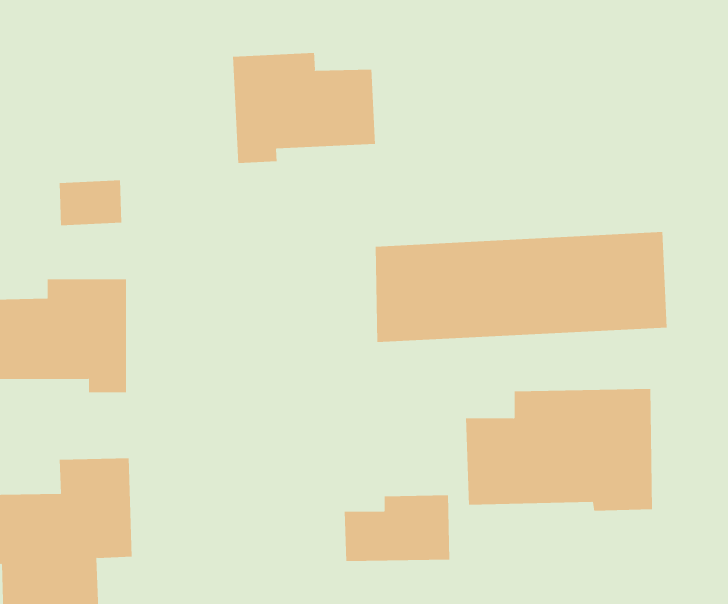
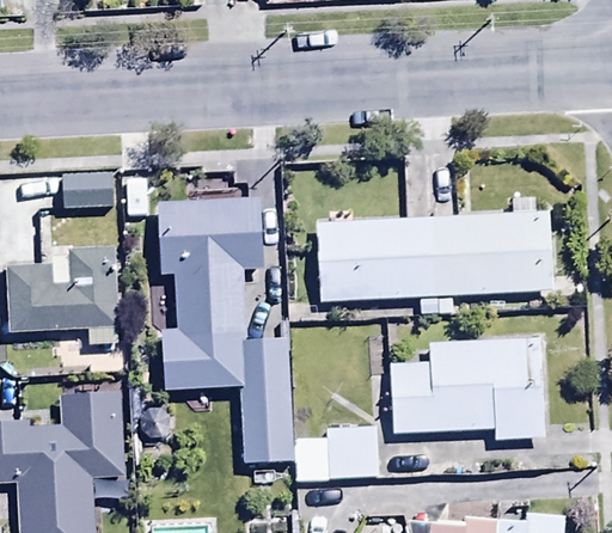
building: [232,52,376,164] -> none
building: none -> [159,185,290,462]

